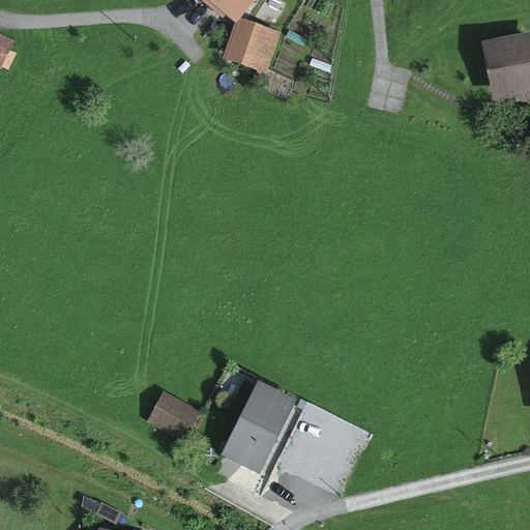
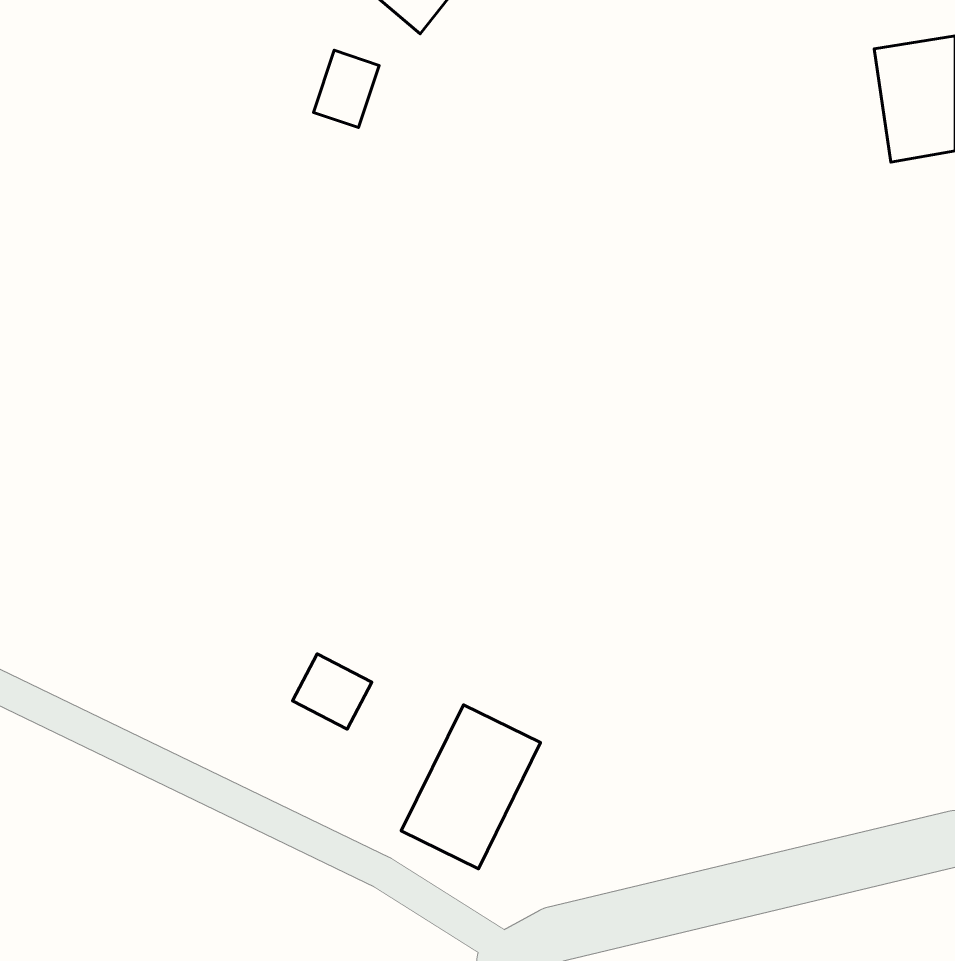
building: [241,24,277,66] -> [313,50,379,128]
building: [149,395,193,437] -> [293,654,372,729]

